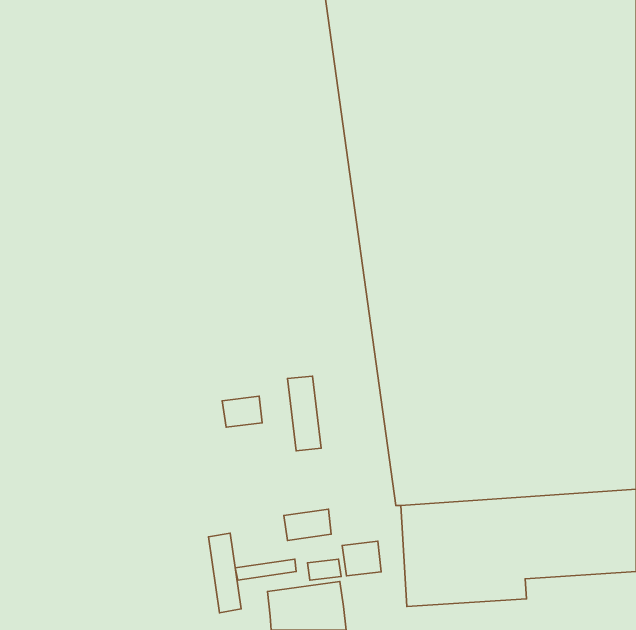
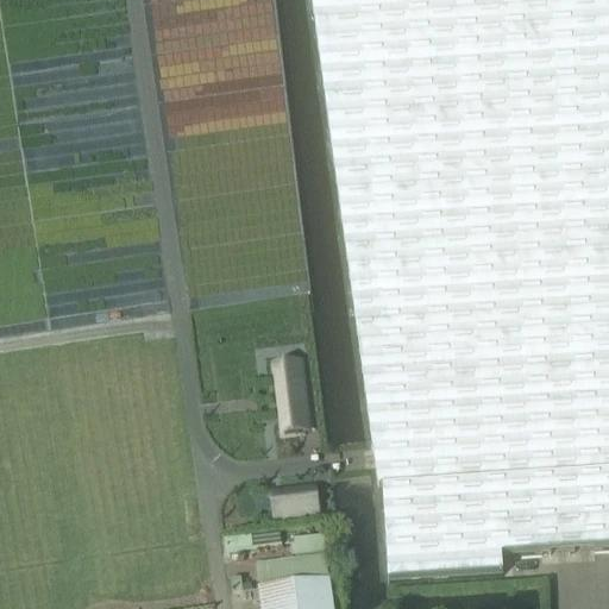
building: [222,396,262,427] -> none
building: [209,533,241,613] -> none
building: [342,541,381,576] -> none

